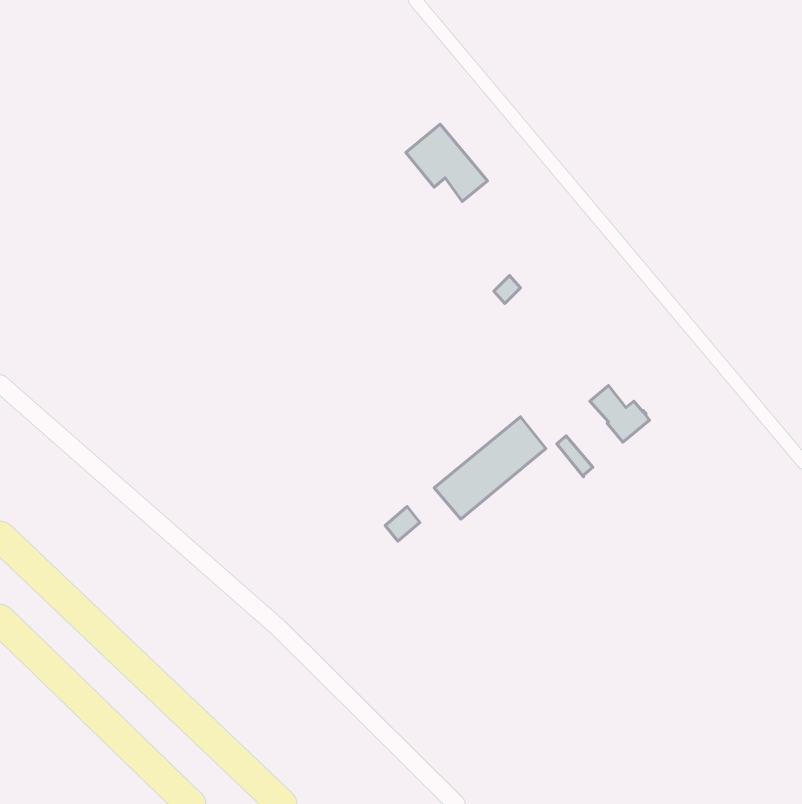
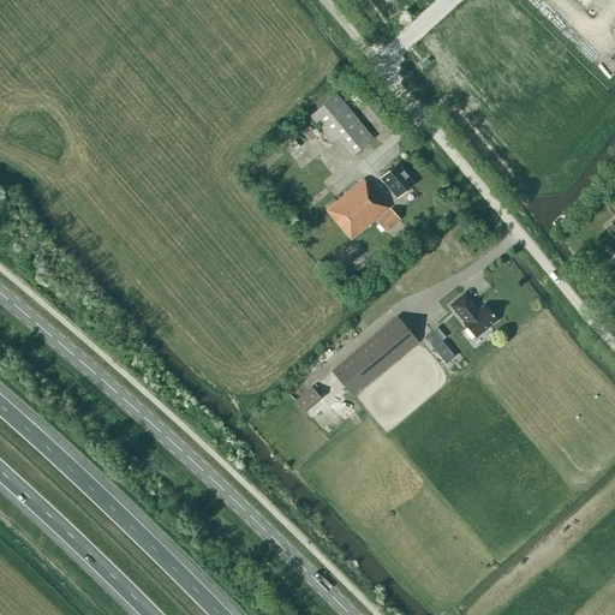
building: none -> [383,165,414,197]
building: none -> [327,180,388,240]

